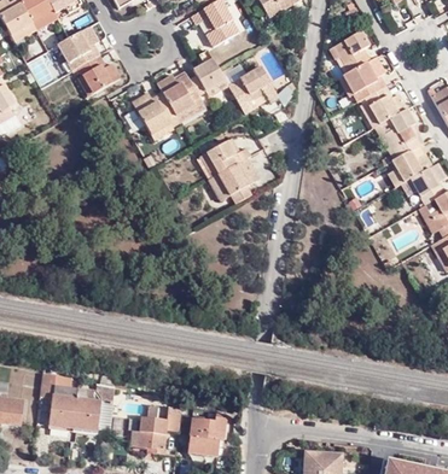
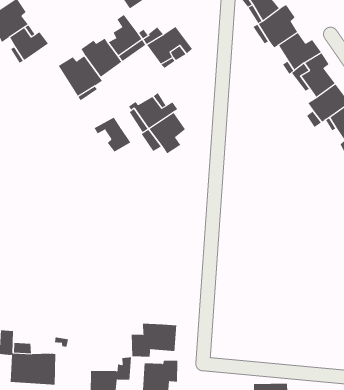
building: none -> [94,117,131,152]
building: none -> [131,323,177,357]

